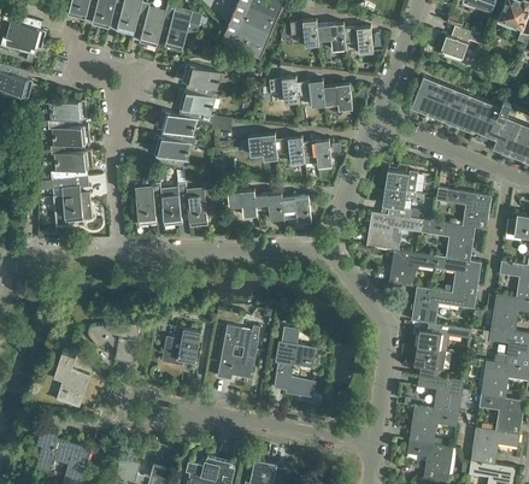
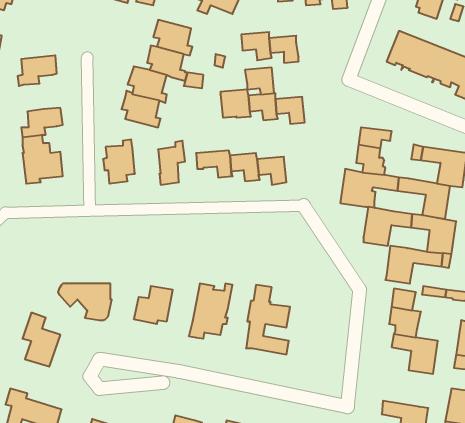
building: [323,84,352,111] -> [245,68,274,94]
building: [51,125,90,155] -> none
building: [161,184,189,226] -> none
building: [408,408,458,447] -> none

